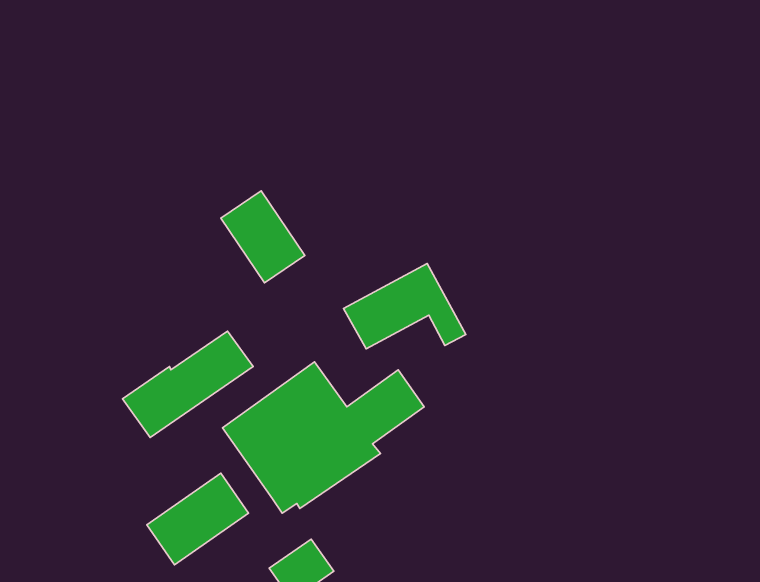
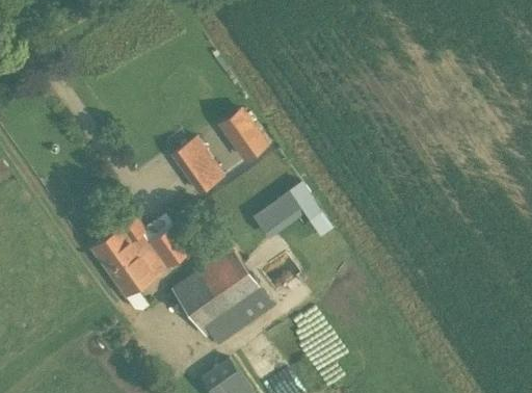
building: none -> [223,111,267,160]
building: none -> [92,218,145,270]
building: [147,473,248,565] -> none

